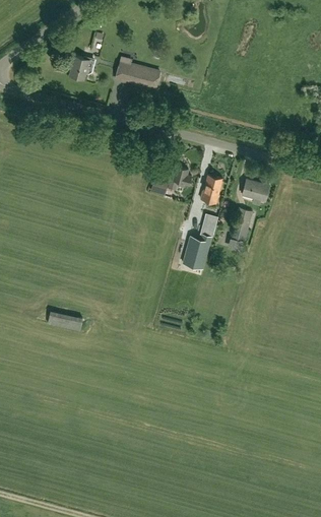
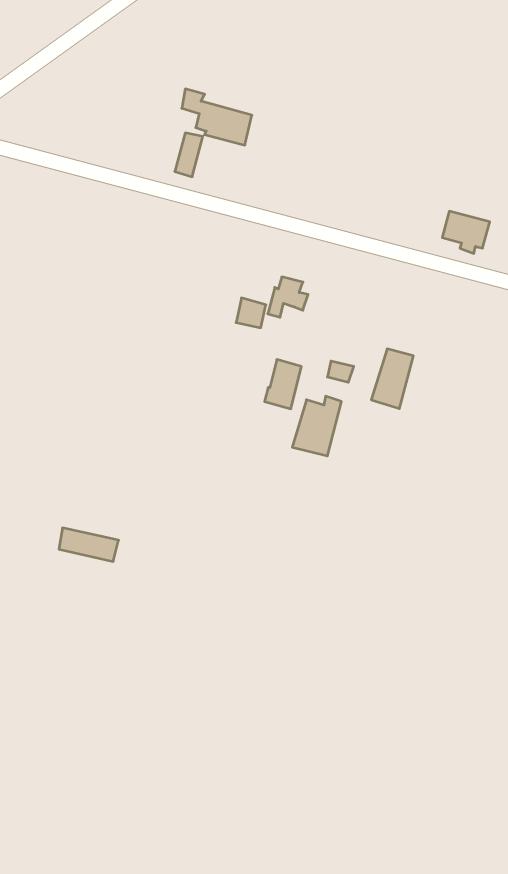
building: [68,57,93,80] -> none
building: [200,175,221,203] -> [265,360,301,409]
building: [241,180,268,204] -> [442,211,490,253]

